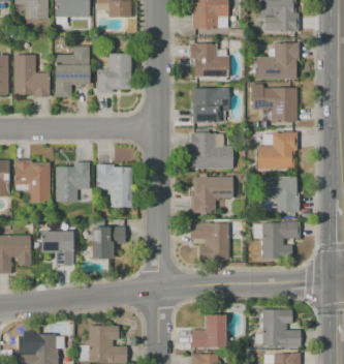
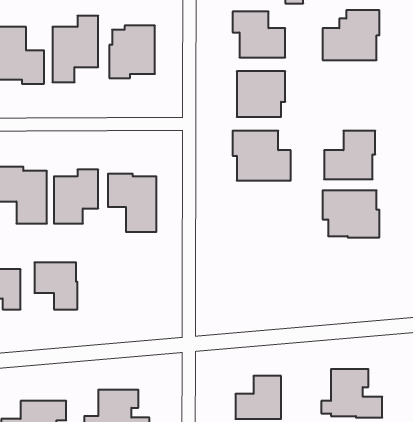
building: [250,84,296,122] -> none
building: [190,177,232,214] -> none
building: [262,221,300,260] -> none
building: [189,222,228,260] -> none
building: [92,226,125,259] -> none

